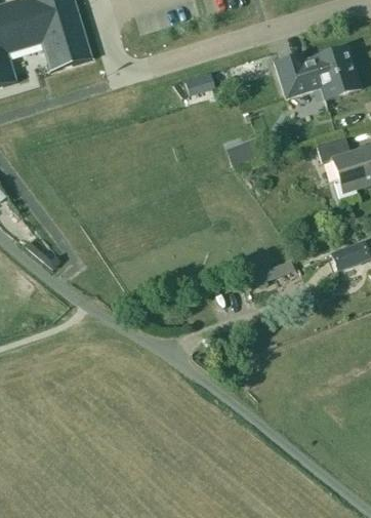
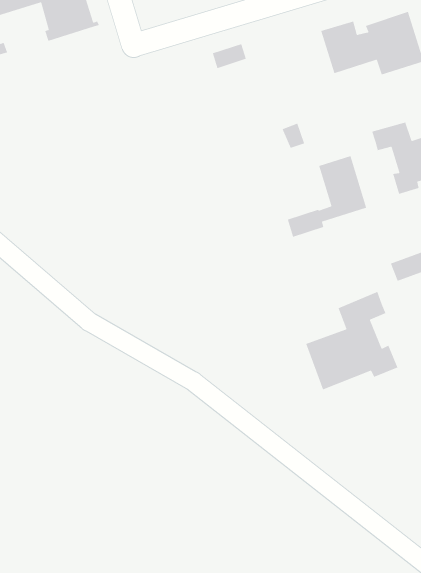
building: none -> [287,152,367,238]
building: none -> [305,291,398,390]

